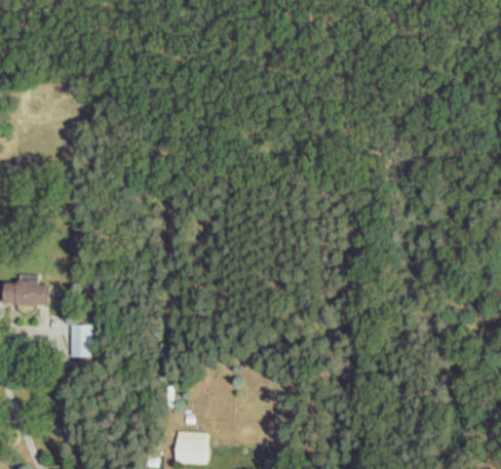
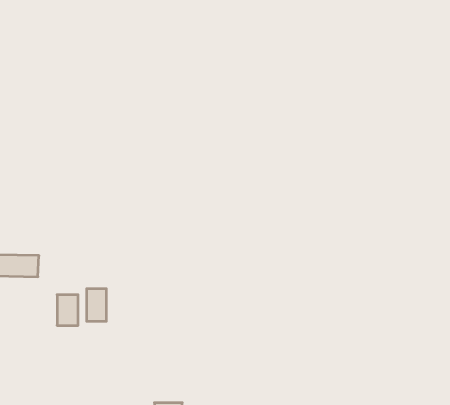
building: none -> [87,289,106,321]

